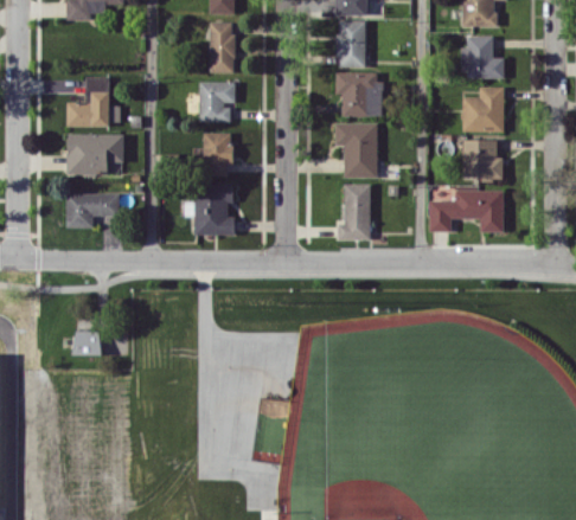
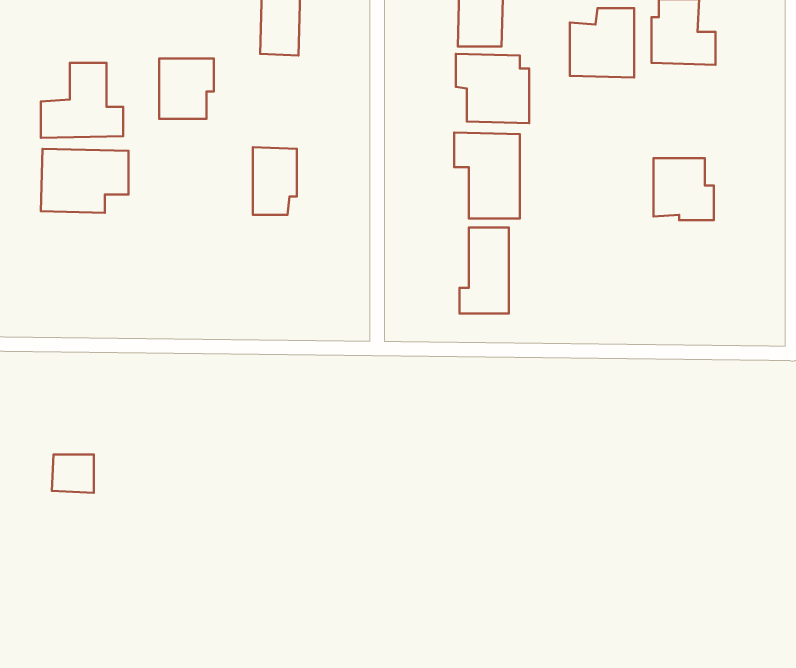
building: [199,82,235,121] -> [159,59,214,119]
building: [462,86,504,131] -> [570,8,634,78]
building: [184,182,235,235] -> none
building: [429,190,504,232] -> none
building: [66,193,119,227] -> none

